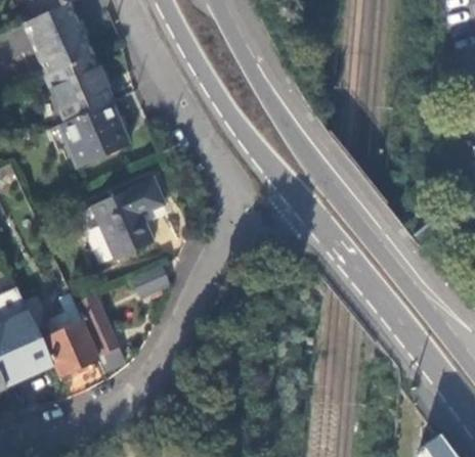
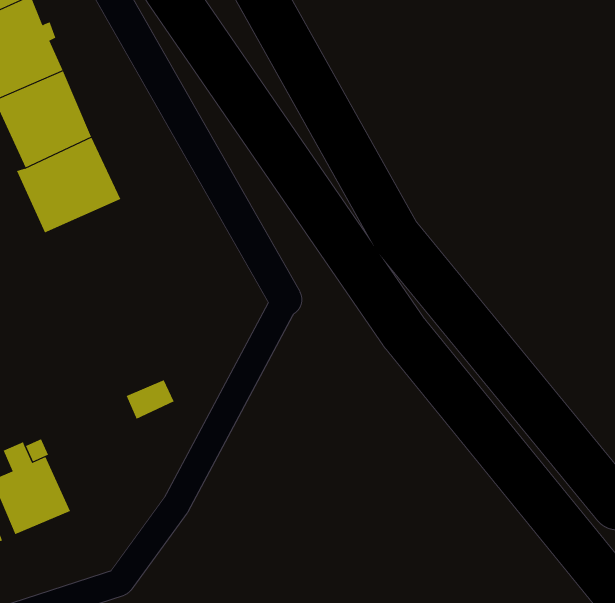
building: [93,179,165,261] -> none
building: [76,293,125,369] -> none

